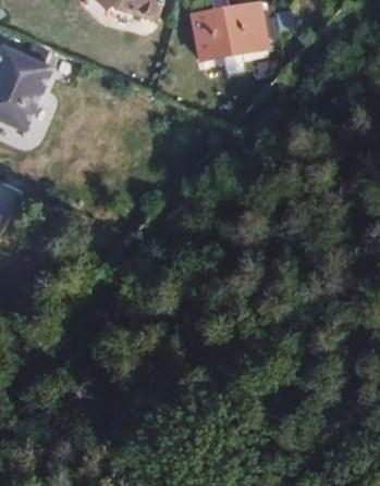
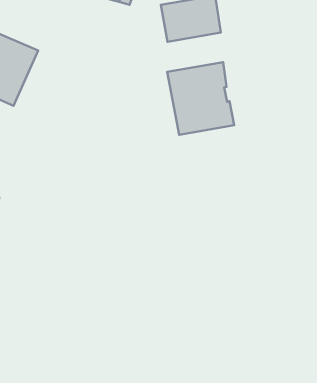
building: none -> [167,62,234,135]

